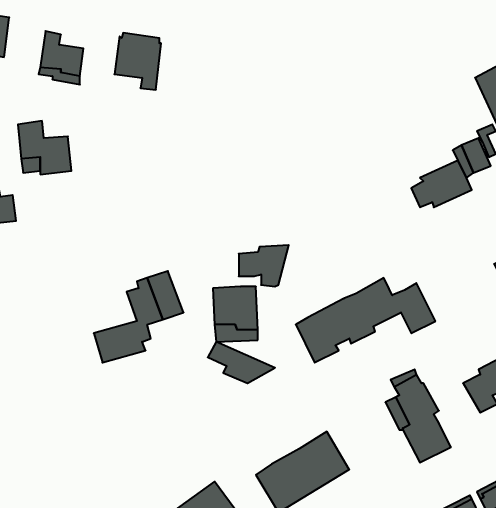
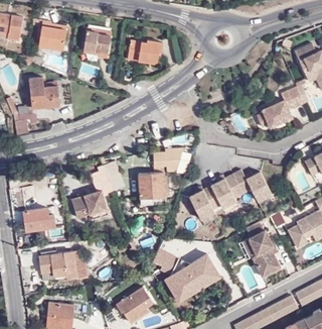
building: none -> [129,38,162,64]
building: [208,342,275,383] -> [152,253,191,278]
building: none -> [22,208,56,231]
building: none -> [39,250,87,281]

